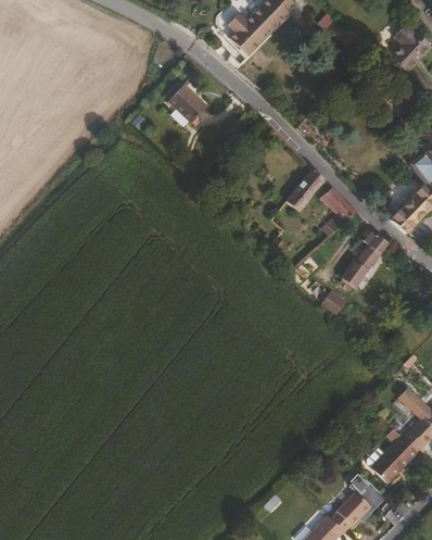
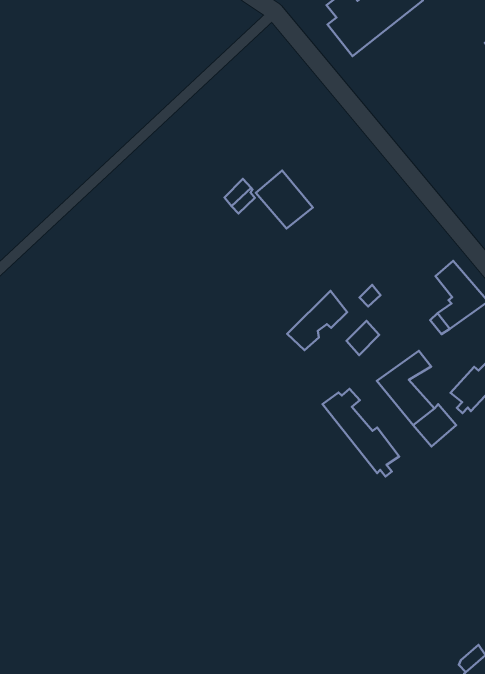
building: [166,85,206,124] -> [256,170,313,228]
building: [287,168,326,211] -> [287,291,347,350]
building: none -> [323,389,399,476]

